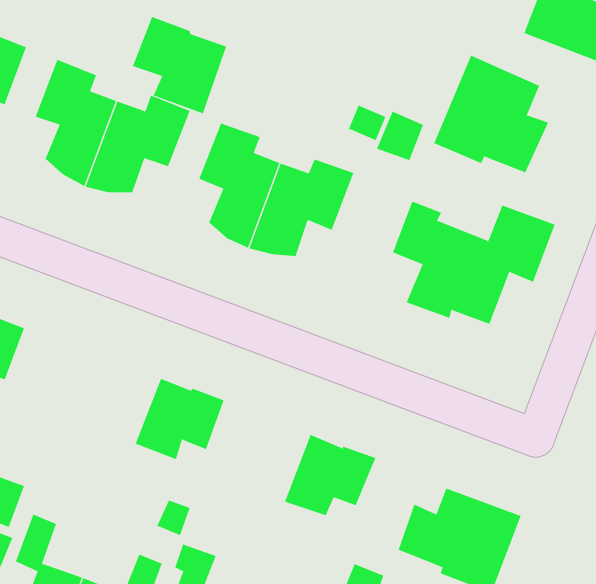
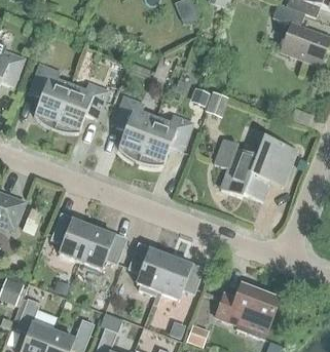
building: [132,16,227,114] -> none
building: [433,55,549,173] -> none
building: none -> [50,213,94,261]
building: none -> [127,242,171,295]

